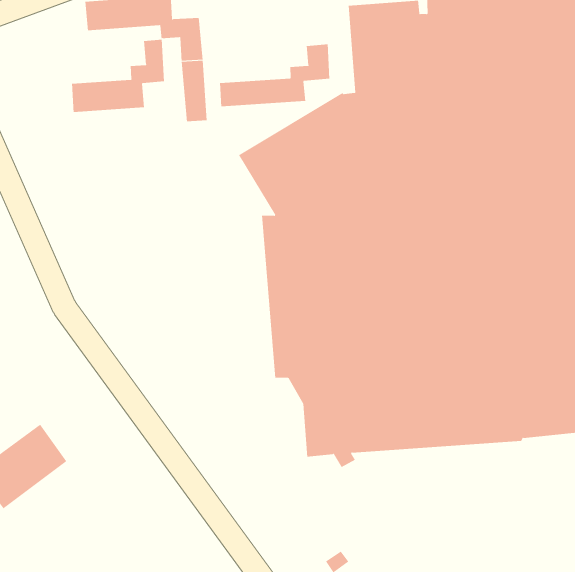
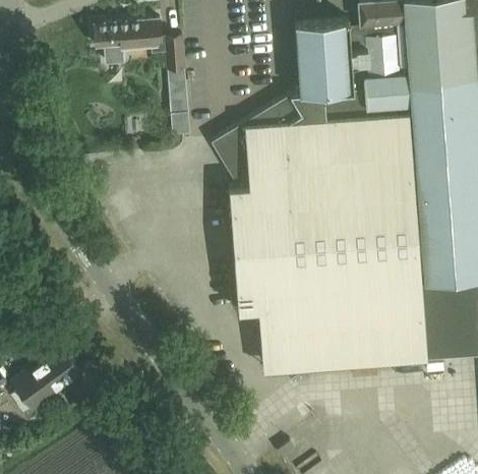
building: [71,39,164,113] -> none
building: [220,44,330,107] -> none

